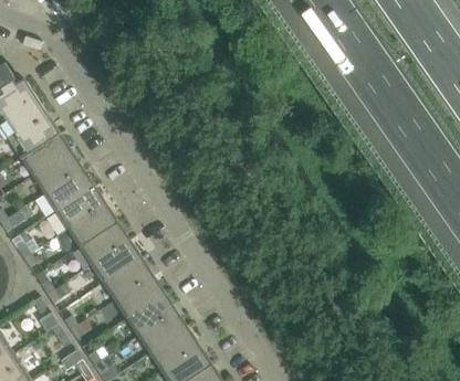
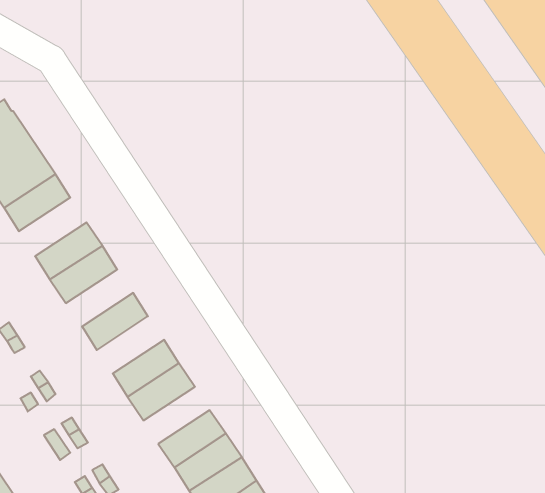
building: [32,150,83,194] -> none
building: [67,204,118,247] -> none
building: [91,240,142,283] -> none
building: [126,293,176,336] -> none

